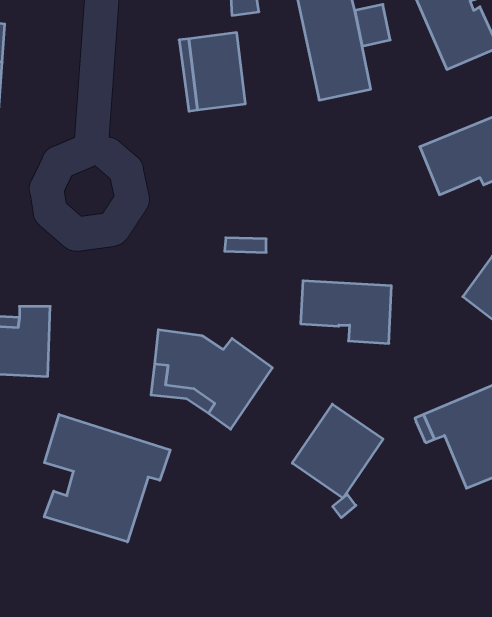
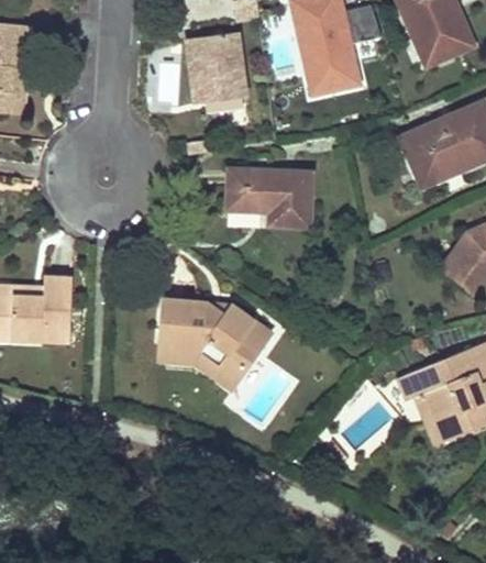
building: [301,281,391,343] -> [231,168,312,224]
building: [292,404,383,498] -> none
building: [44,414,170,542] -> none

